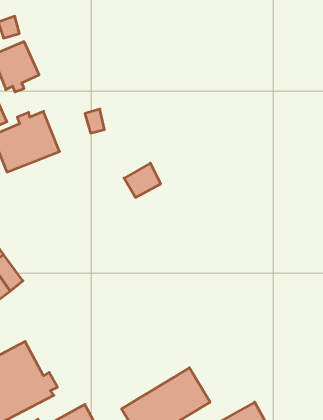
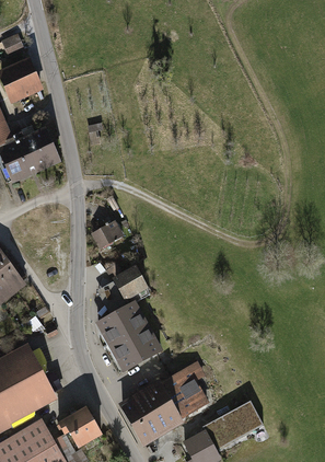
building: [124,163,161,197] -> [91,219,126,252]
building: none -> [97,269,161,370]

